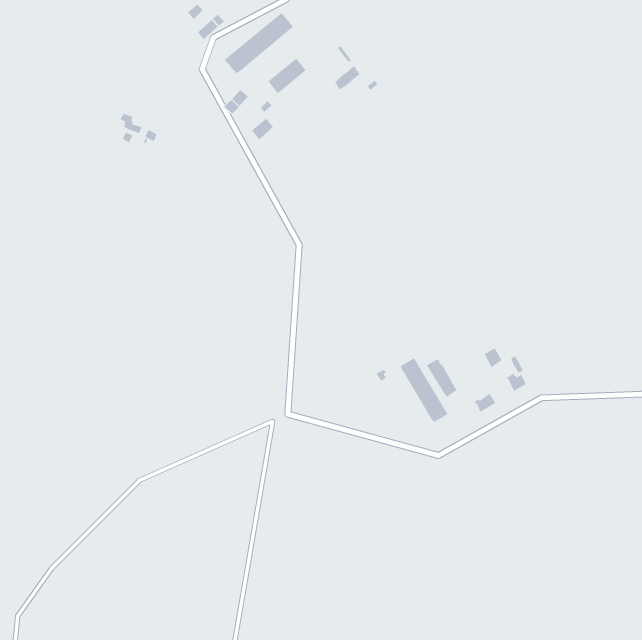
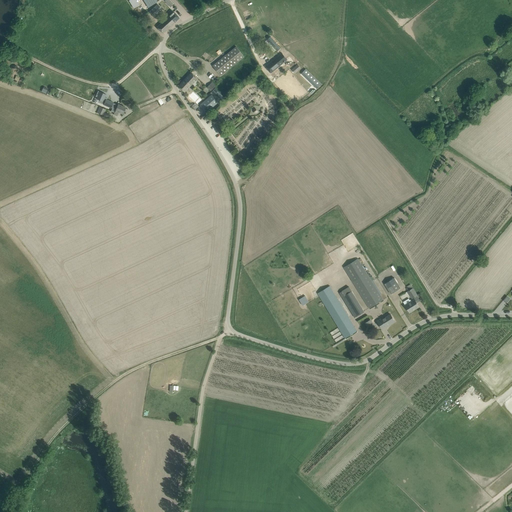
building: [224,12,294,74] -> none
building: none -> [344,257,384,308]

